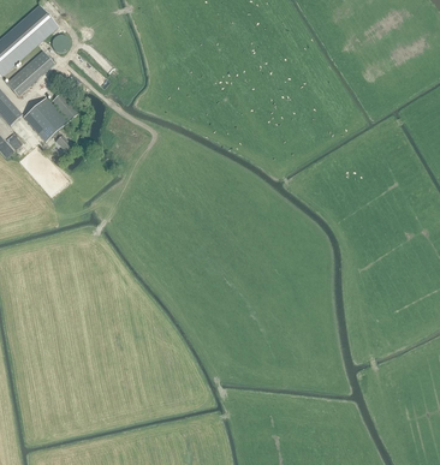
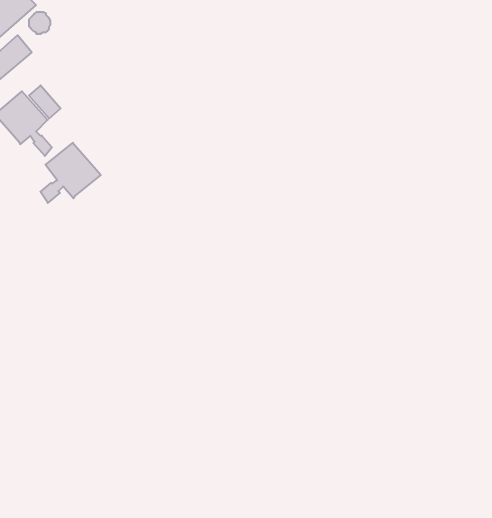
building: none -> [40,143,101,203]

